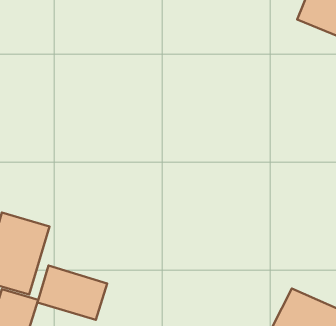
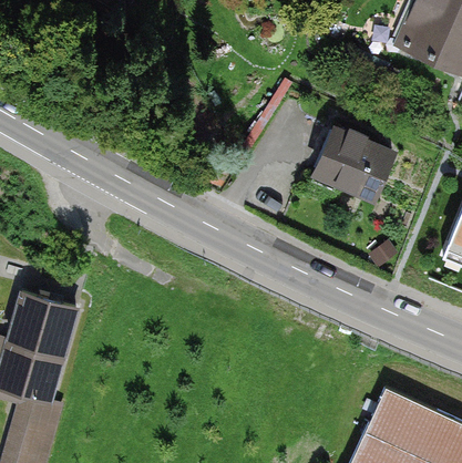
building: none -> [309,125,394,204]
building: [38,265,107,320] -> none

